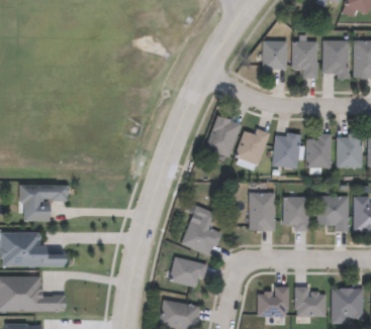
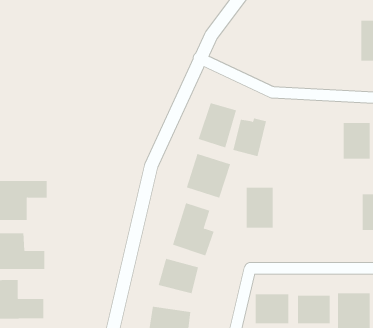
building: [259,40,286,72] -> none
building: [322,40,348,77] -> none
building: [292,41,316,78] -> none
building: [275,133,298,167] -> none
building: [307,133,332,167] -> none
building: none -> [186,153,231,198]
building: [284,196,308,230] -> none
building: [316,196,348,227] -> none

